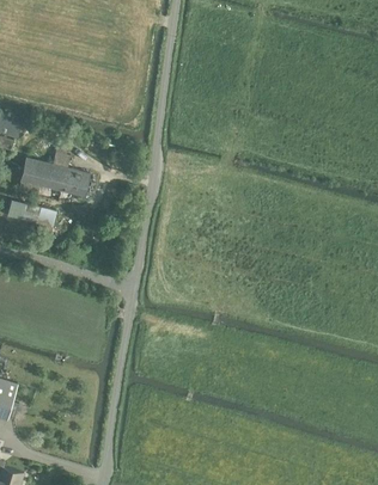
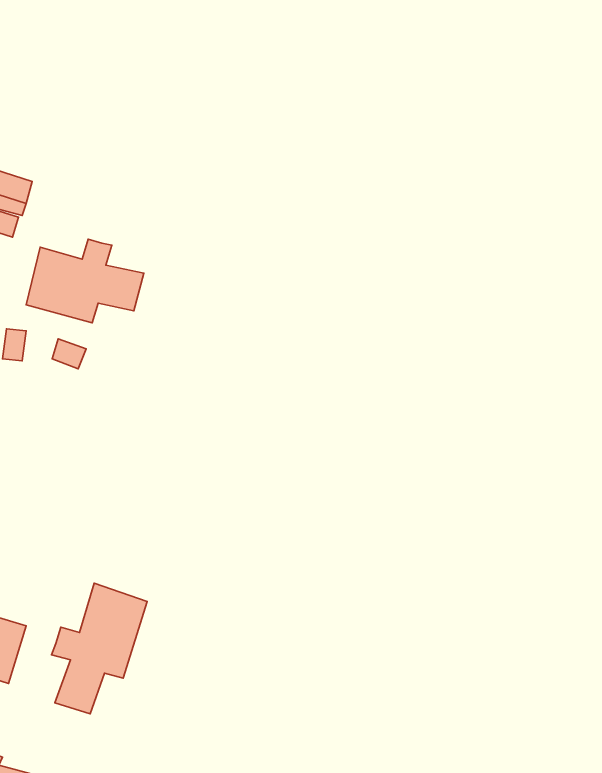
building: none -> [52,583,147,714]

